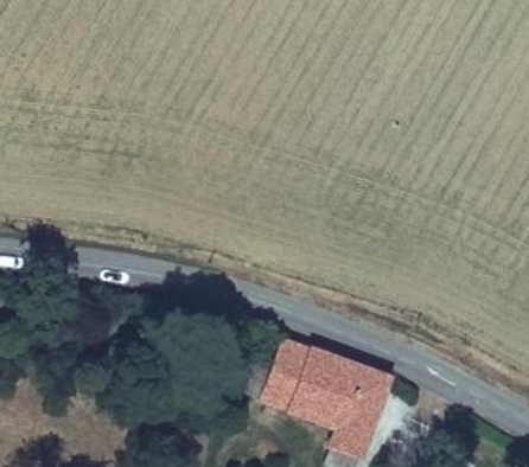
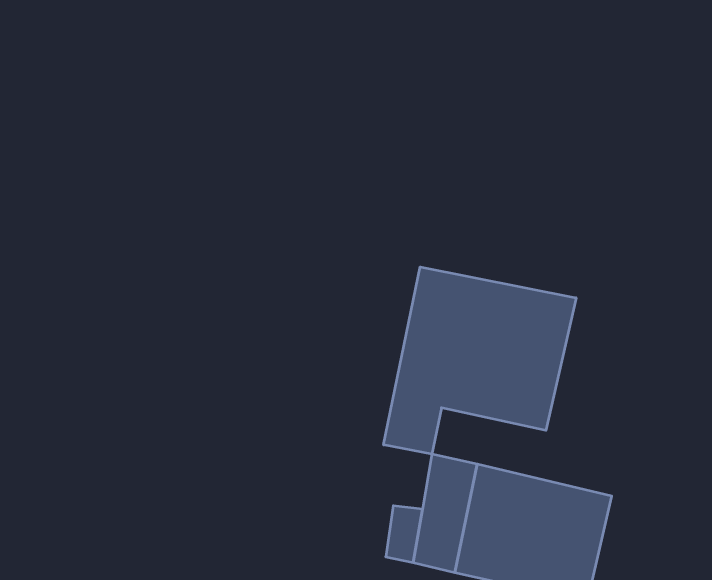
building: none -> [384,267,576,454]

